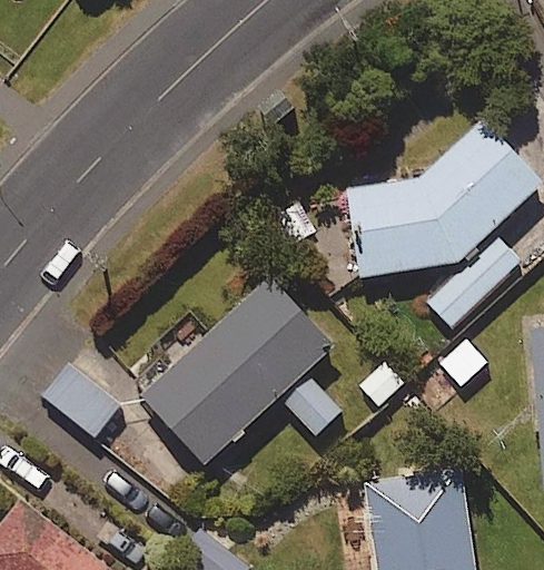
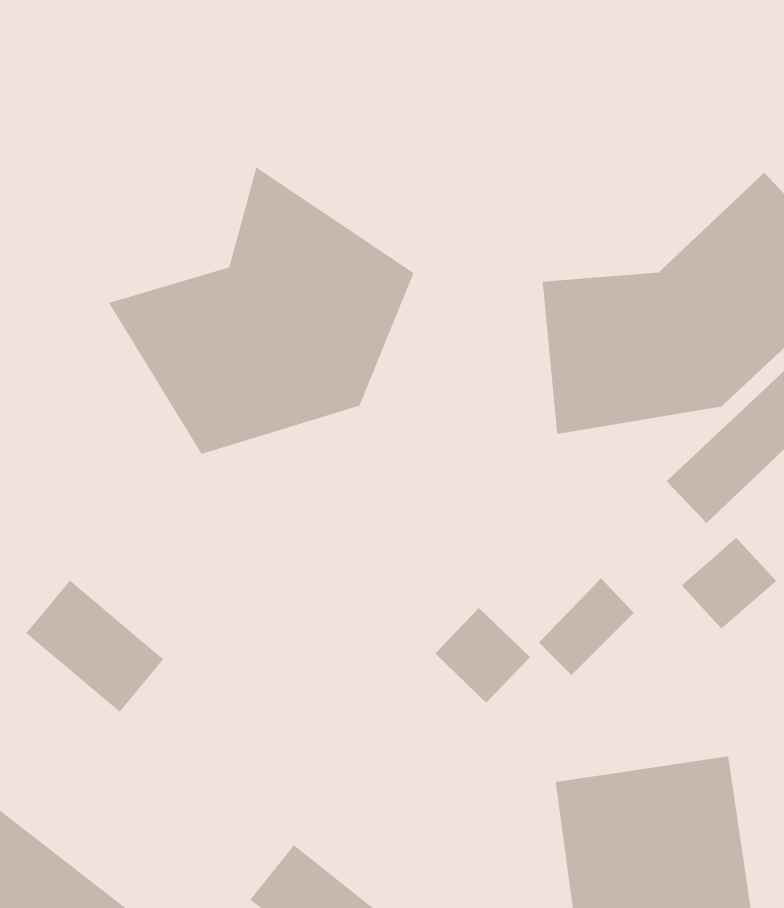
building: none -> [108,166,414,455]
building: [144,275,335,462] -> none

